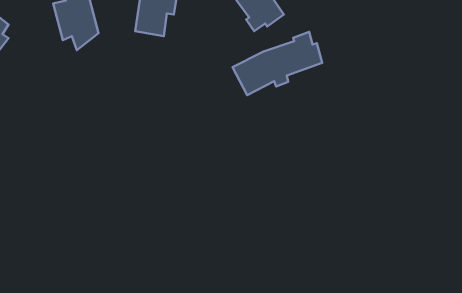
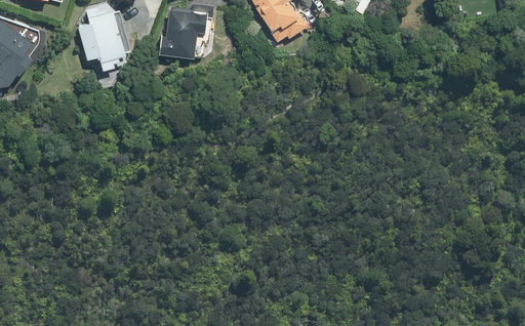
building: [233,32,322,95] -> none

